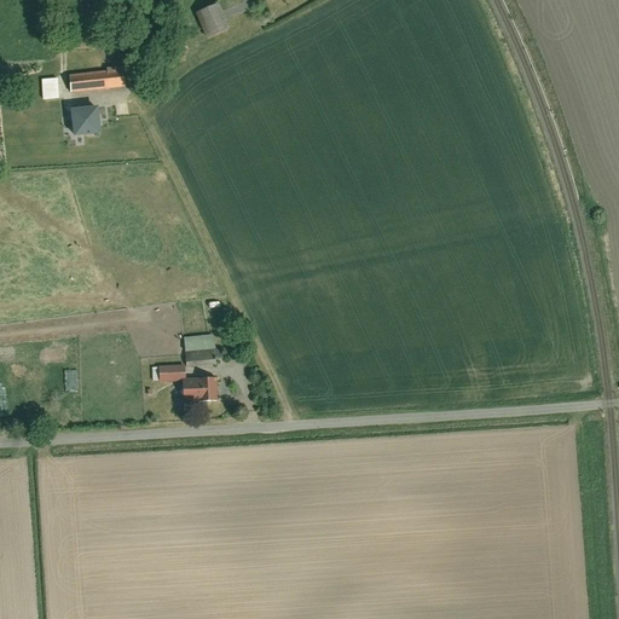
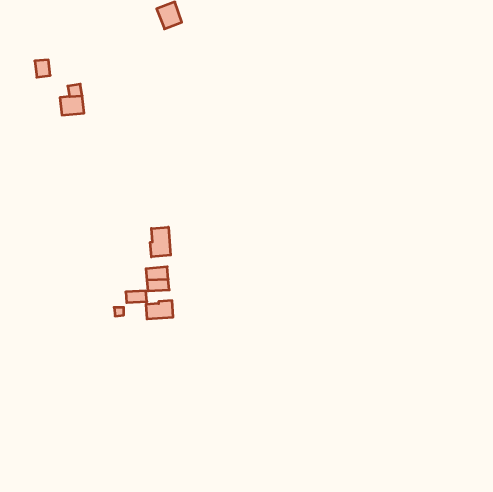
building: [71,64,128,89] -> none
building: none -> [150,227,171,257]

